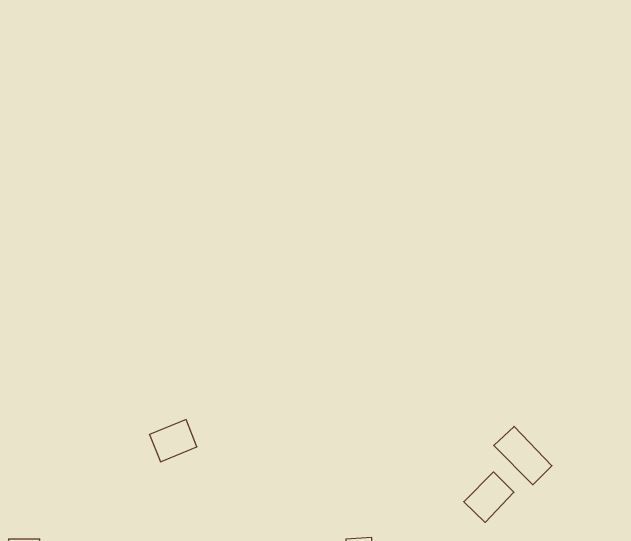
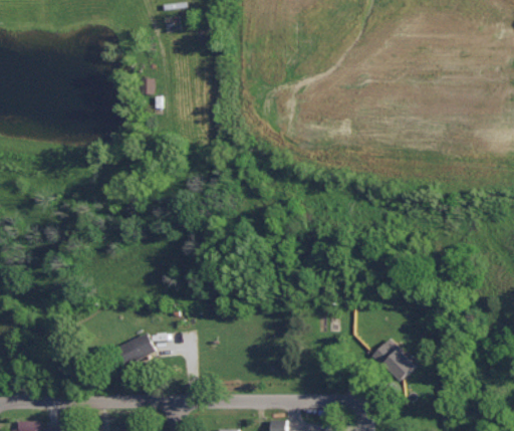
building: [464,472,514,522] -> none

